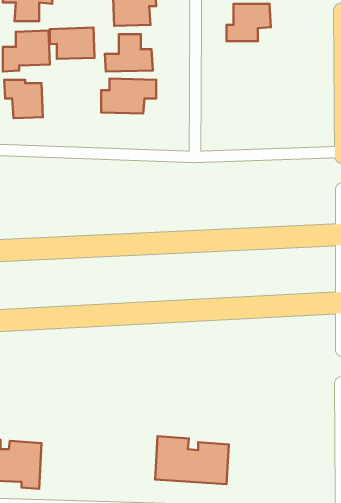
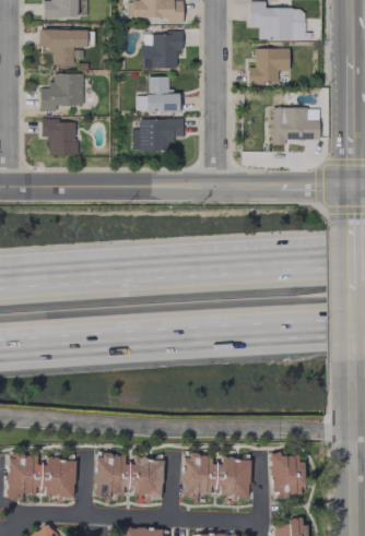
building: [50,28,95,59] -> none
building: none -> [272,108,320,145]
building: none -> [271,451,304,493]
building: none -> [95,454,164,499]

